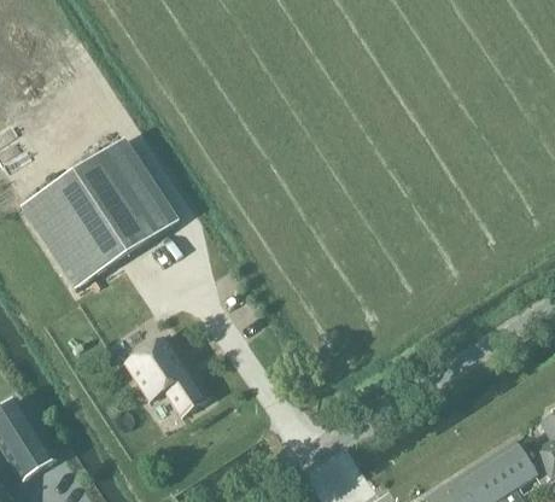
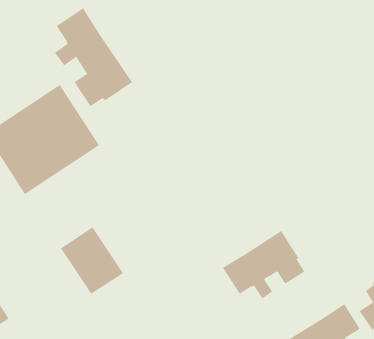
building: none -> [54,7,133,107]
building: none -> [222,230,305,299]

